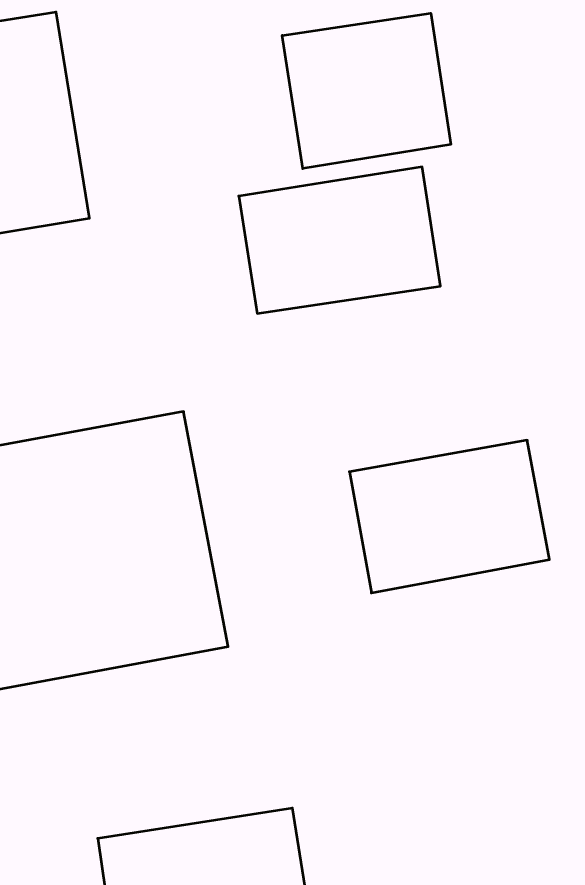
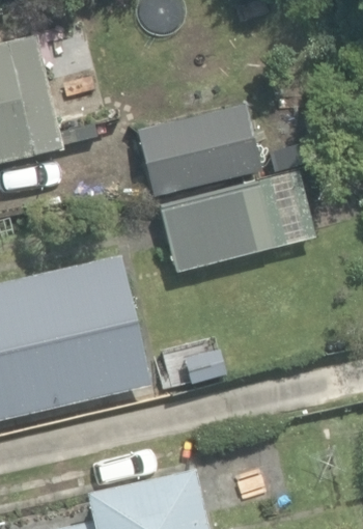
building: [282,13,451,169] -> none
building: [349,440,549,593] -> [162,184,276,274]

